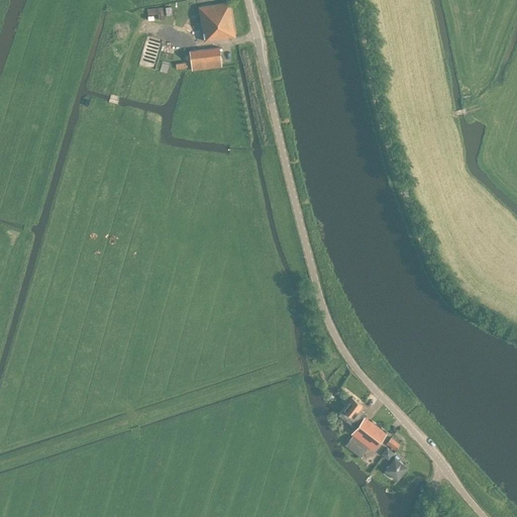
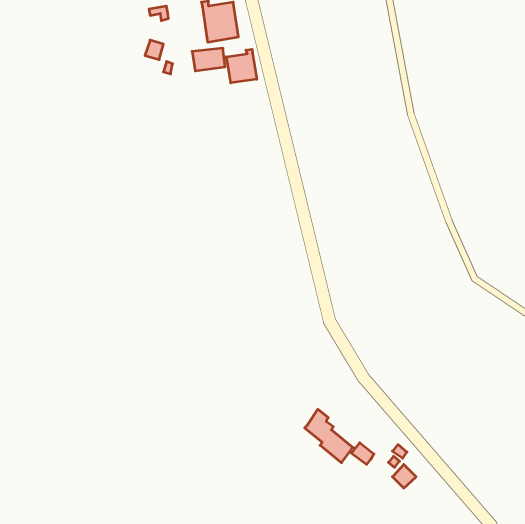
building: none -> [226,49,257,83]
building: [338,398,386,450] -> [305,409,353,463]

